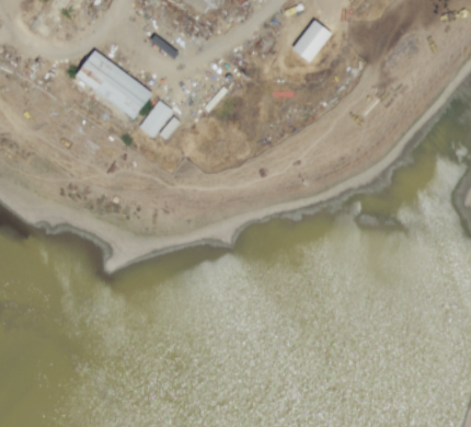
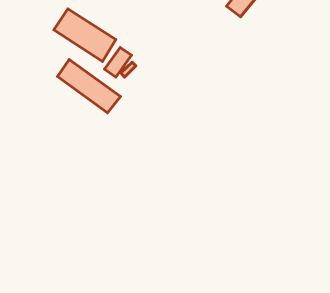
building: none -> [58,60,120,113]

